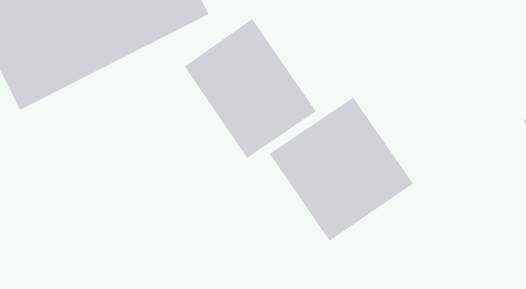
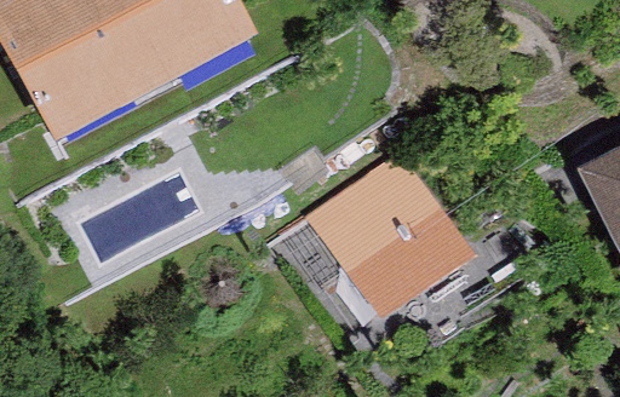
building: [184,18,316,159] -> none

